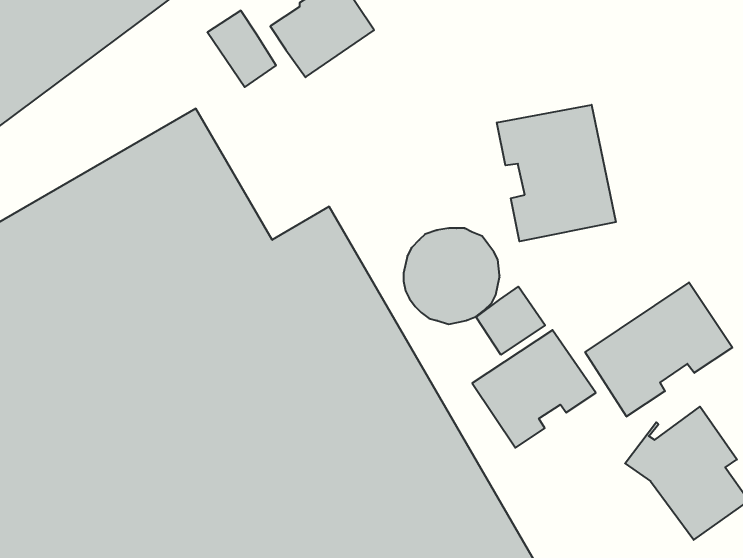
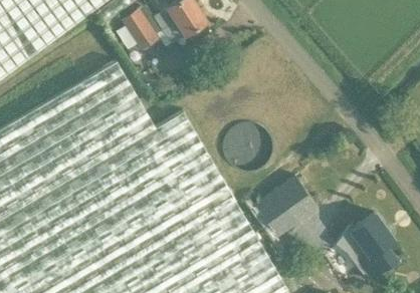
building: [497,105,616,241] -> none
building: [585,282,732,417] -> none
building: [476,287,545,355] -> none

